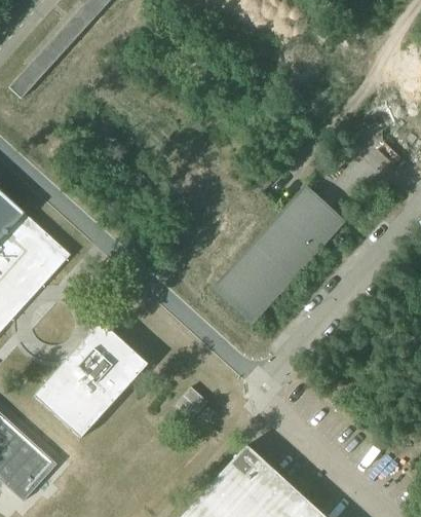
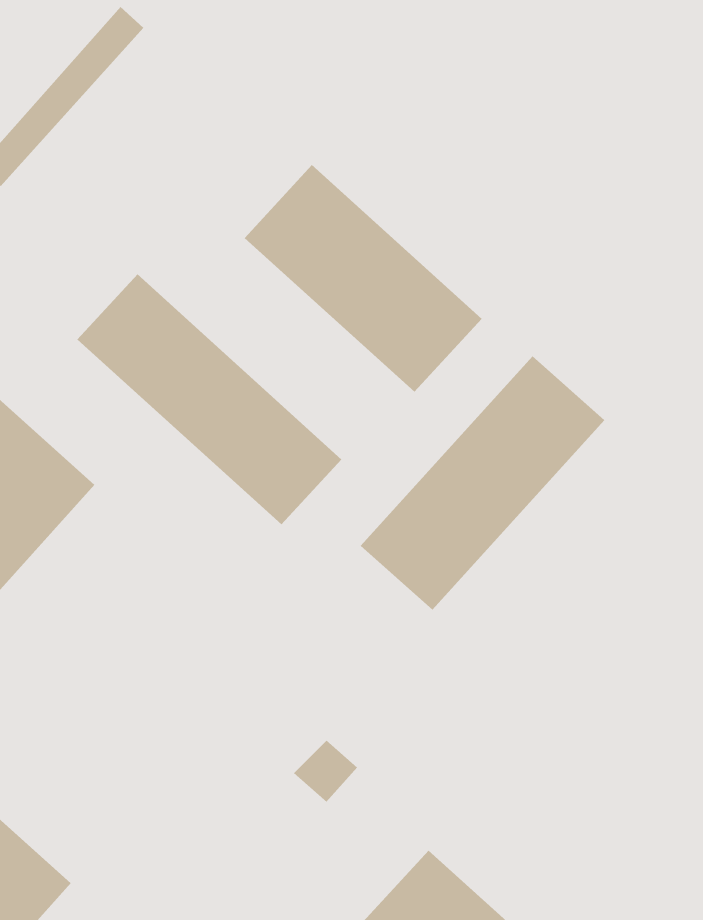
building: none -> [244,164,482,393]
building: none -> [76,273,342,525]
building: [34,322,149,440] -> none

